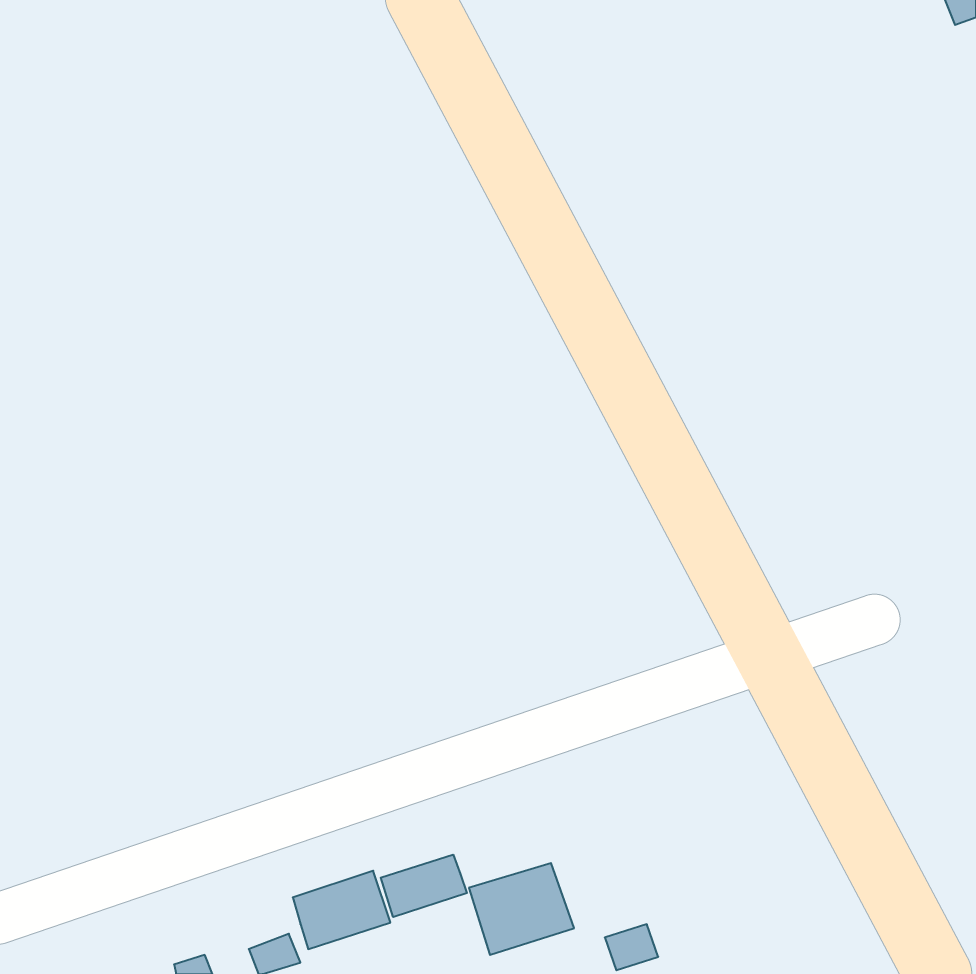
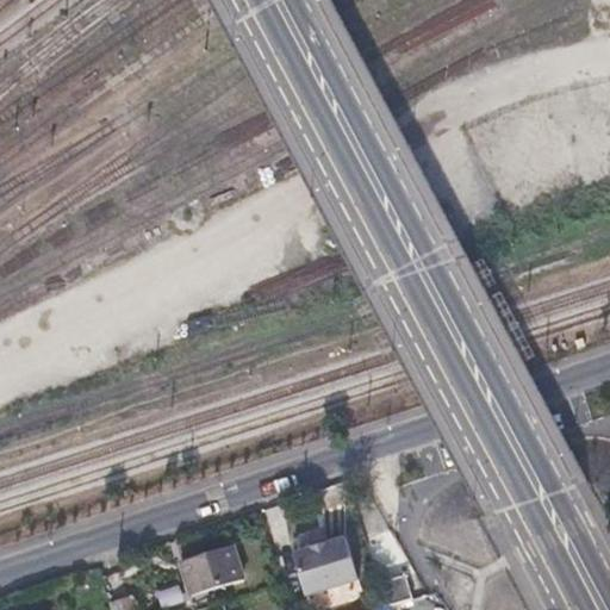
building: [381,855,467,917] -> none

